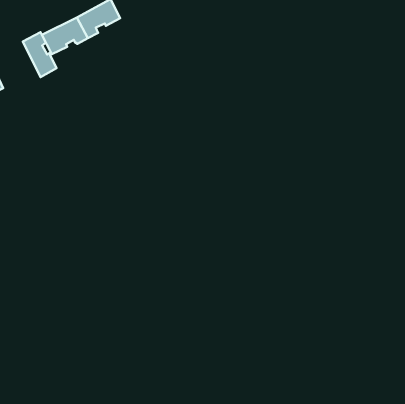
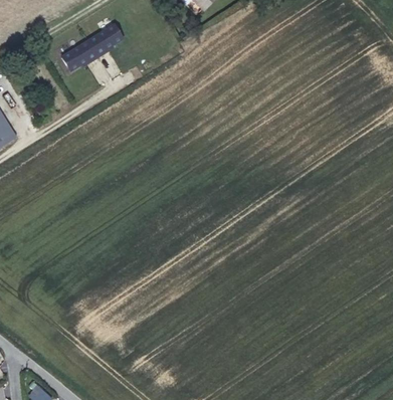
building: [23,32,57,77] -> none

